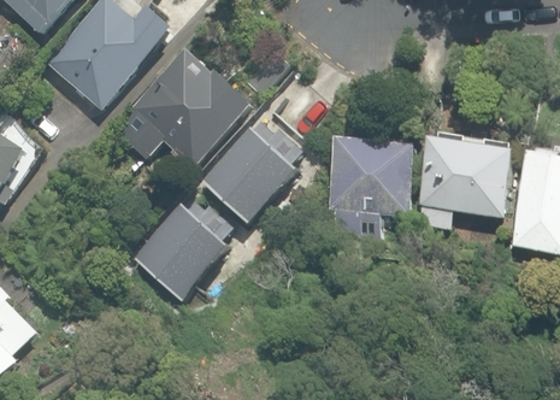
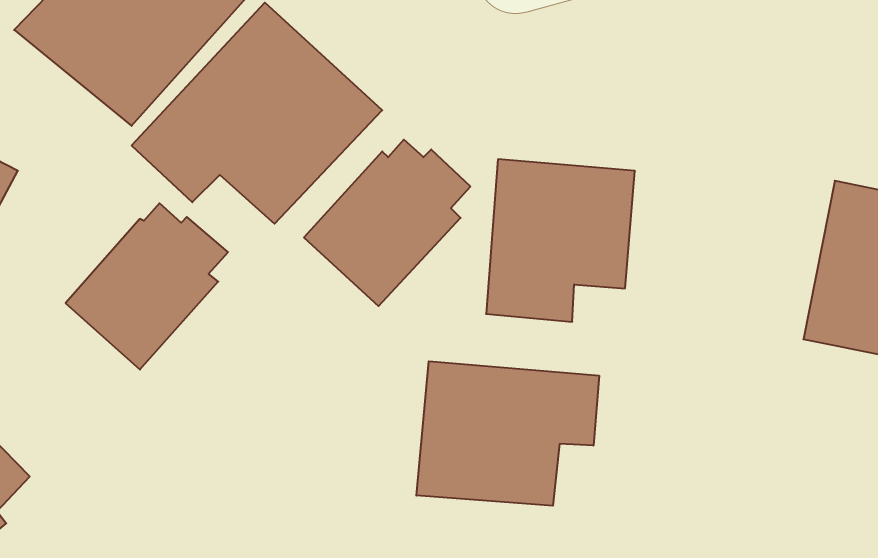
building: [413,134,514,231] -> none
building: [136,198,236,300] -> [66,203,228,370]
building: none -> [416,361,599,506]

